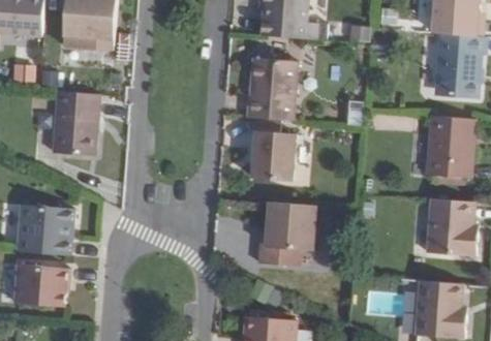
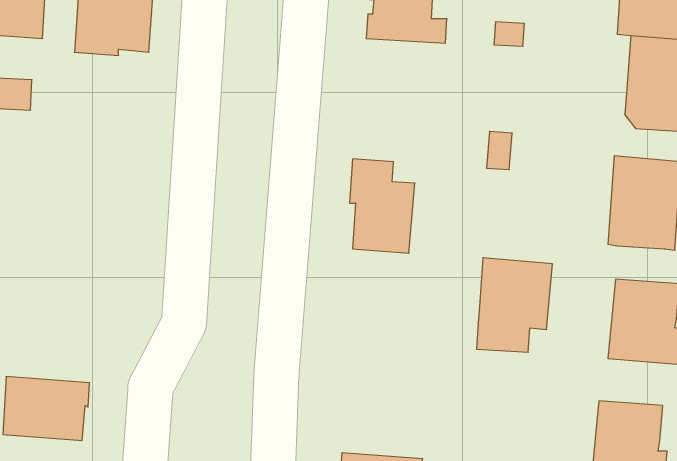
building: [246,58,296,120] -> none
building: [51,90,98,155] -> none
building: [264,202,315,266] -> [477,258,553,352]
building: [17,205,76,256] -> none

